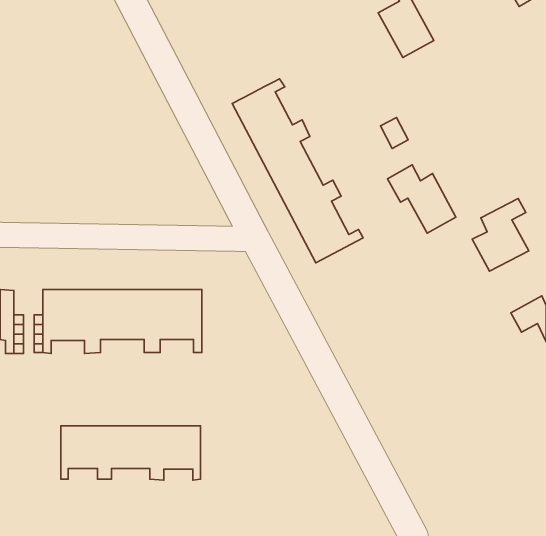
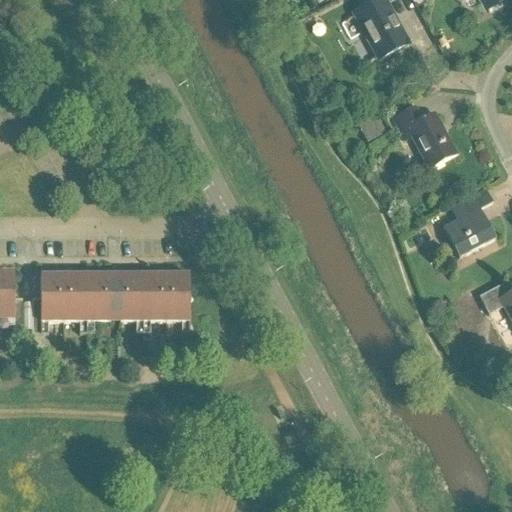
building: [232,79,363,263] -> none
building: [388,165,456,233] -> [392,102,456,166]
building: [61,426,200,480] -> none

